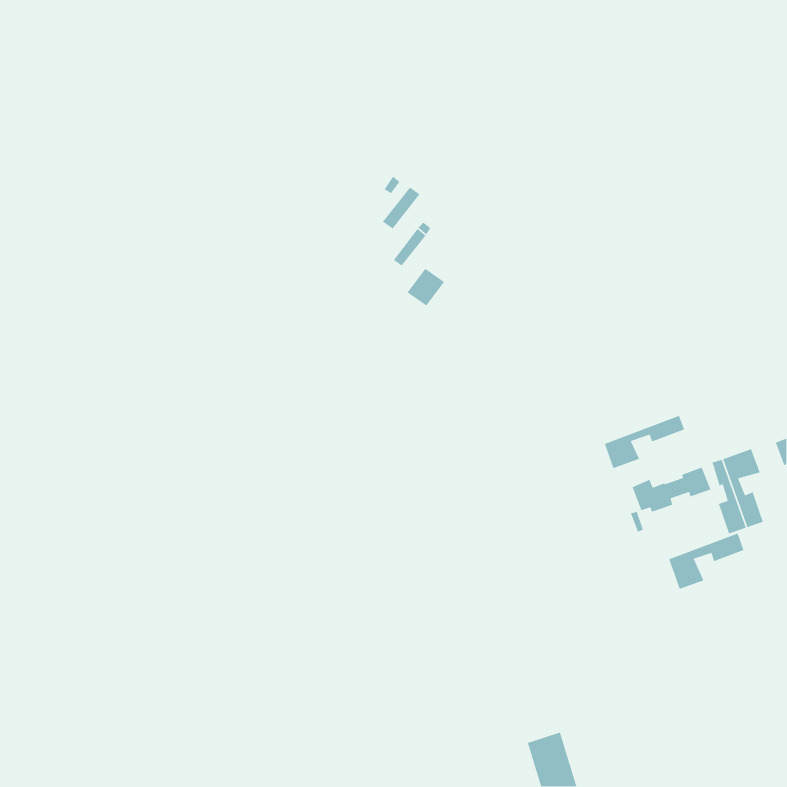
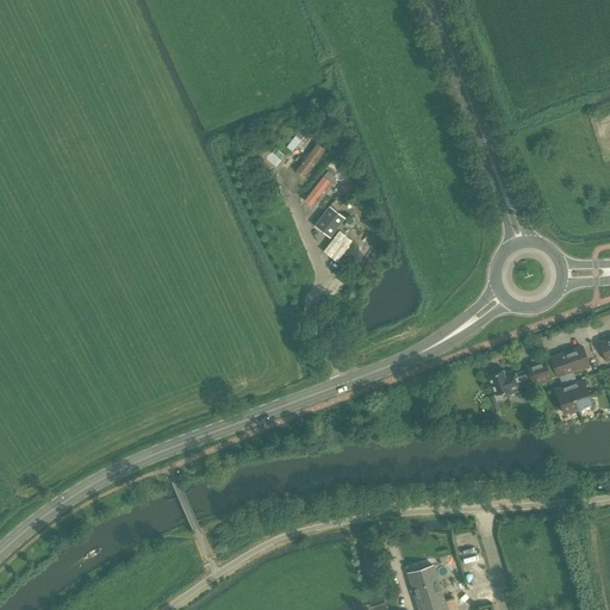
building: none -> [324,231,362,263]
building: [604,415,685,469] -> none
building: [668,533,745,590] -> none

